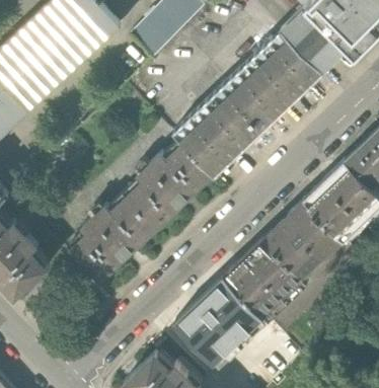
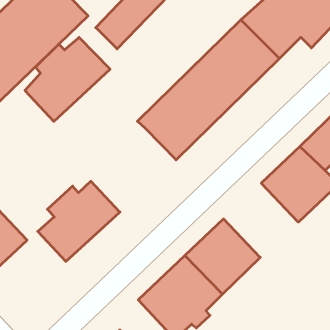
building: [126,142,215,230] -> [25,37,110,121]
building: [264,200,343,278] -> none

